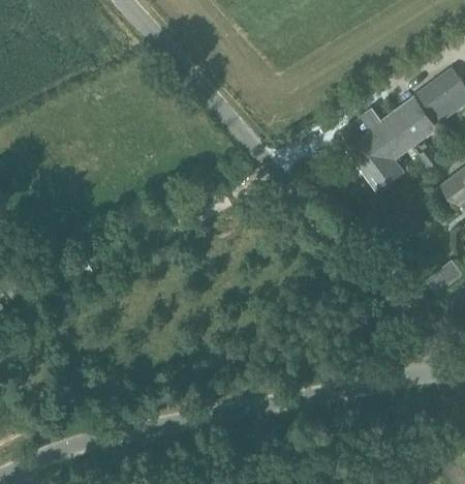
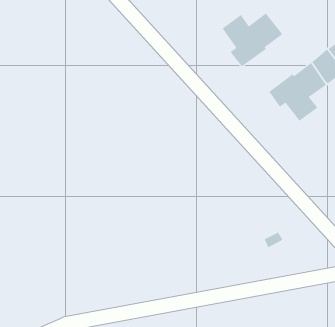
building: none -> [222,12,283,67]

